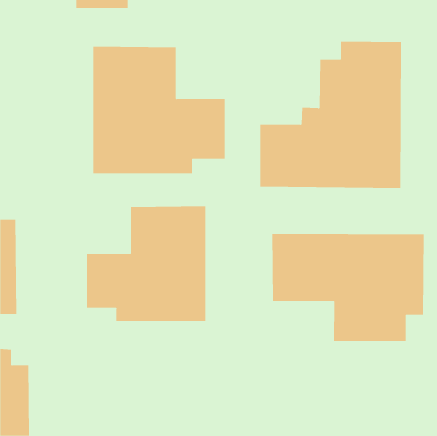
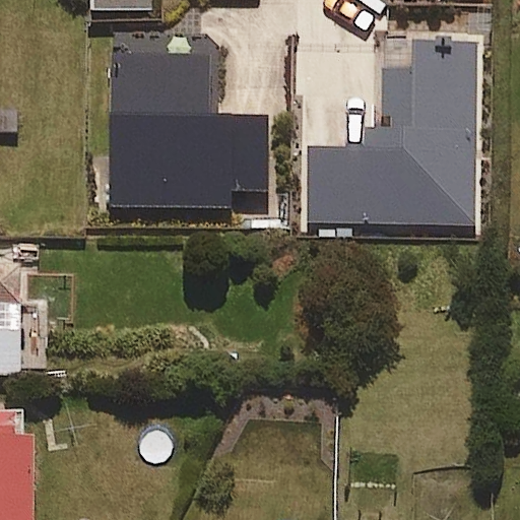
building: [87,206,206,322] -> none
building: [272,233,424,342] -> none

